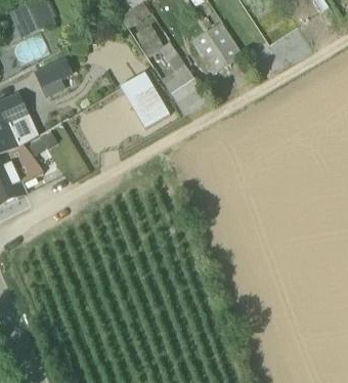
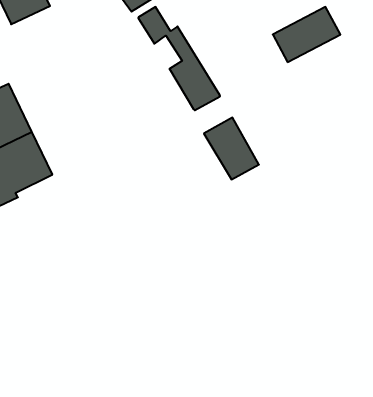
building: [189,19,243,74] -> none
building: [33,56,71,95] -> none
building: [119,71,168,126] -> [204,118,259,179]

